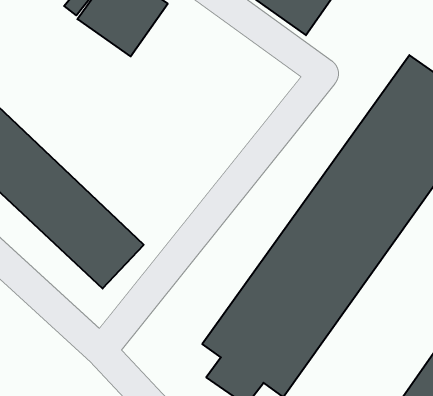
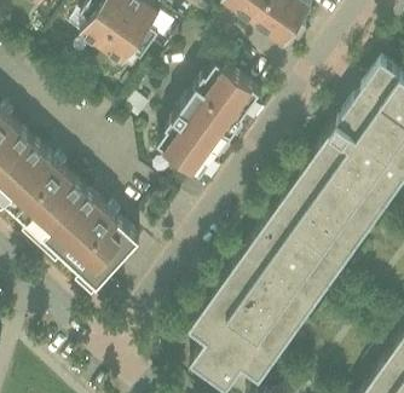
building: none -> [160,67,254,172]

